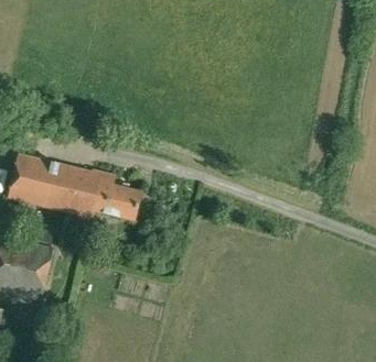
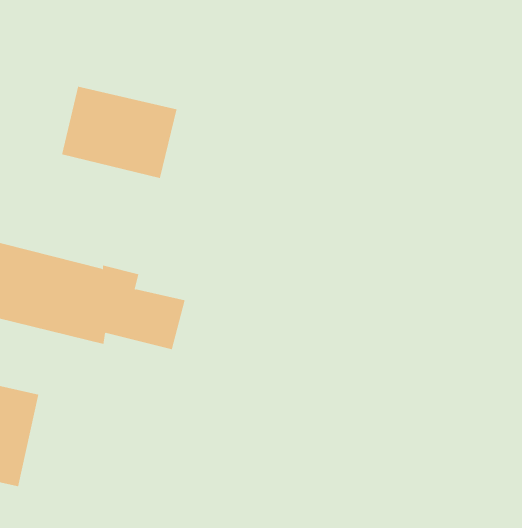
building: none -> [62,86,177,179]

